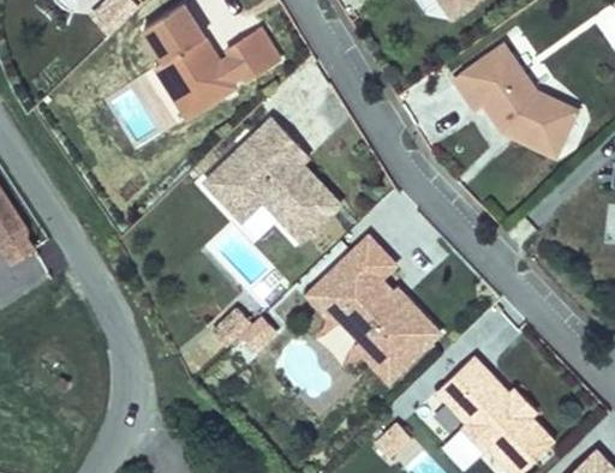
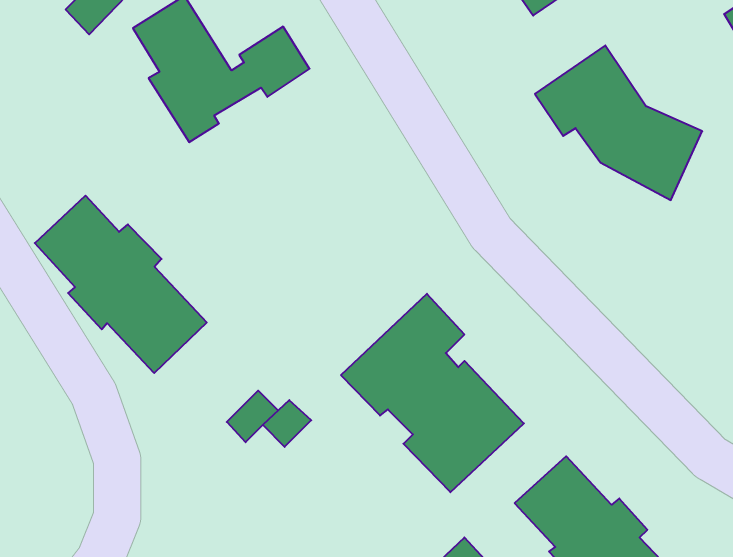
building: [202,115,338,238] -> none
building: none -> [35,196,207,373]

